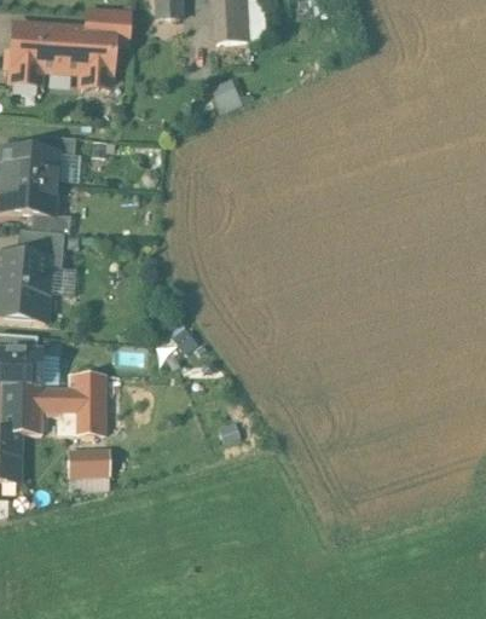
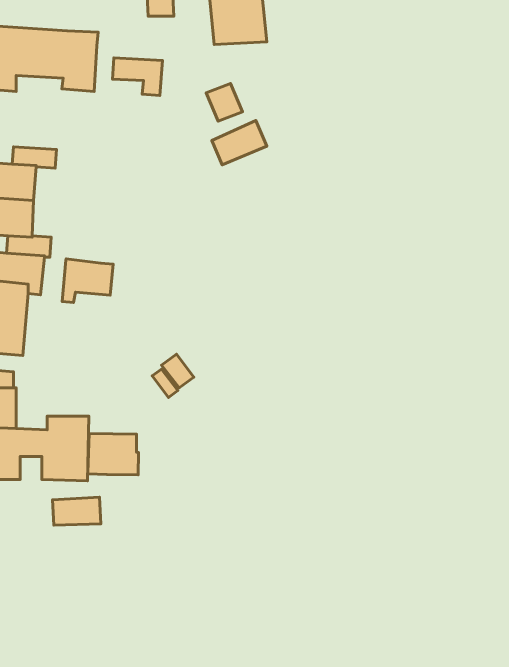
building: [86,10,131,44] -> [113,58,162,95]
building: none -> [212,121,267,165]
building: none -> [62,259,113,302]
building: none -> [88,433,139,475]

